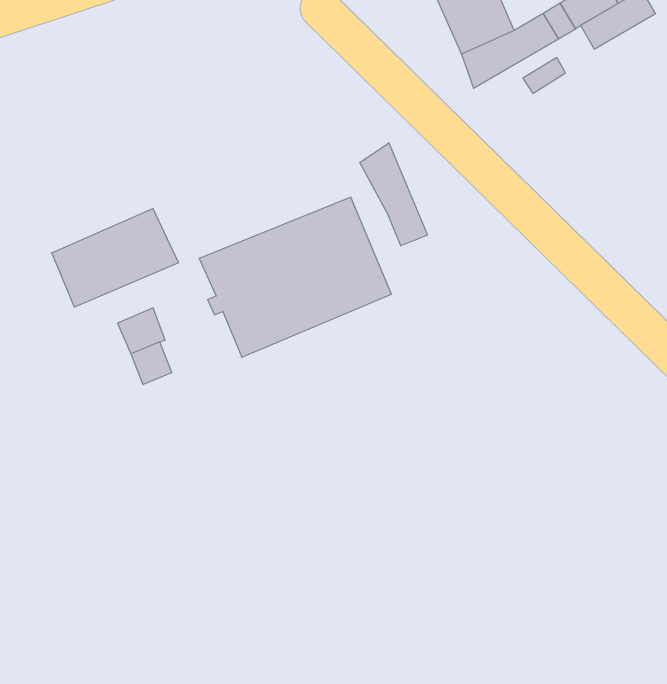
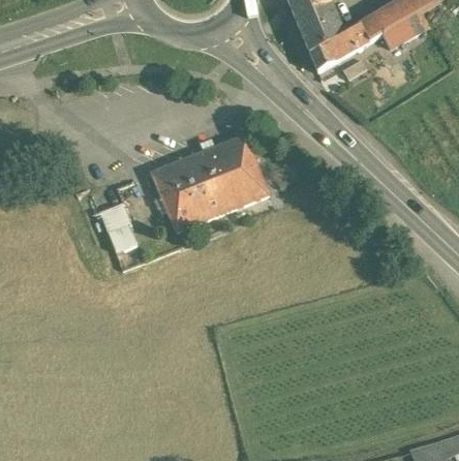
building: [360,143,428,246] -> none
building: [52,208,179,307] -> none

